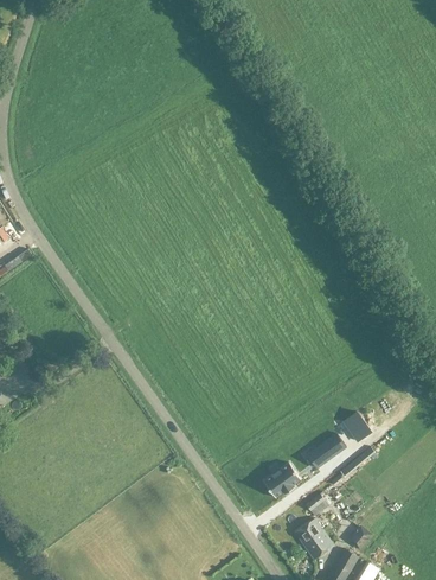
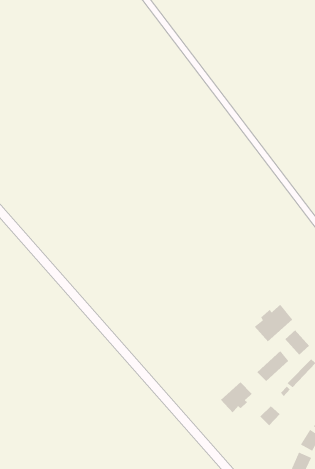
building: none -> [254,304,293,342]
building: [293,518,332,559] -> none

